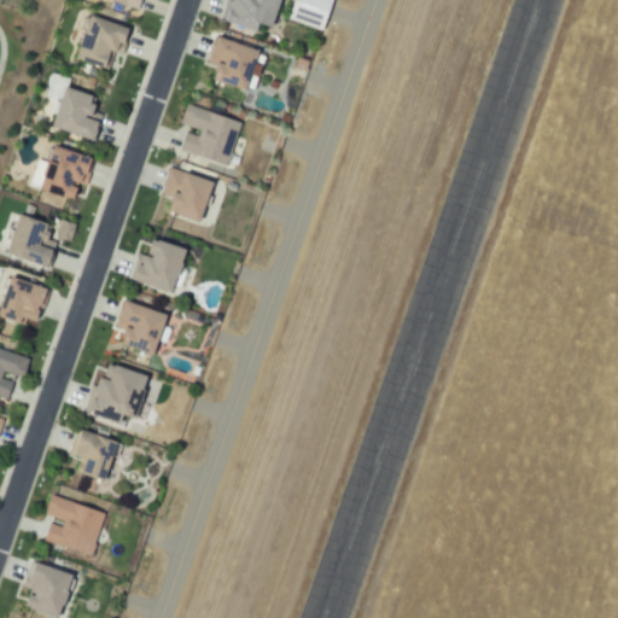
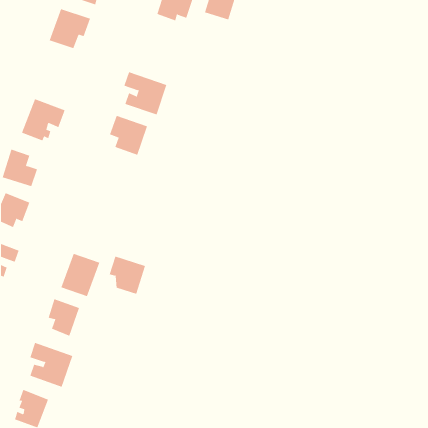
building: [206,35,261,92] -> none
building: [53,86,99,139] -> none
building: [132,239,186,293] -> none
building: [115,301,168,356] -> [109,256,146,295]

